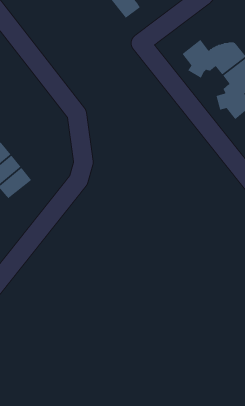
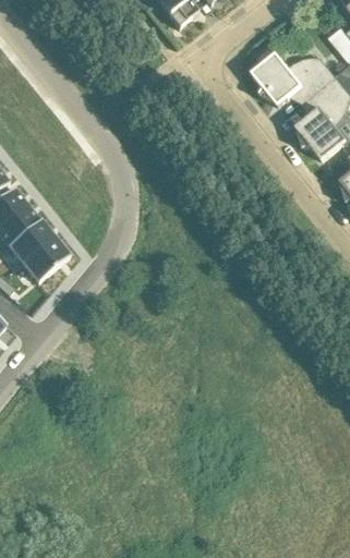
building: none -> [23,236,69,280]

